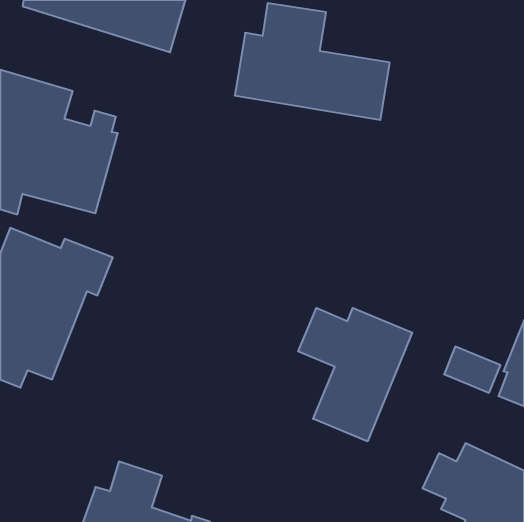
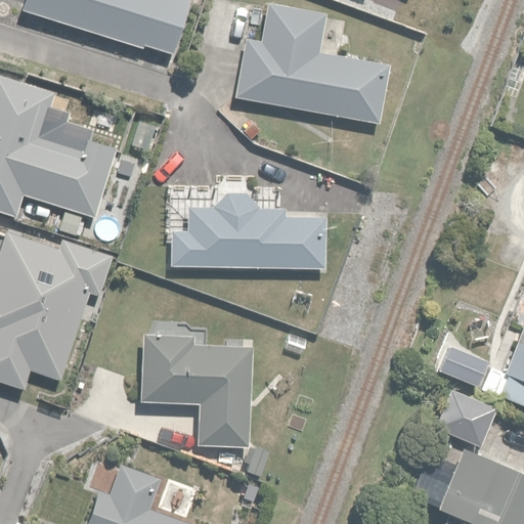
building: none -> [168,195,325,275]
building: [298,308,412,441] -> none
building: none -> [142,337,251,444]
building: none -> [440,397,493,444]

